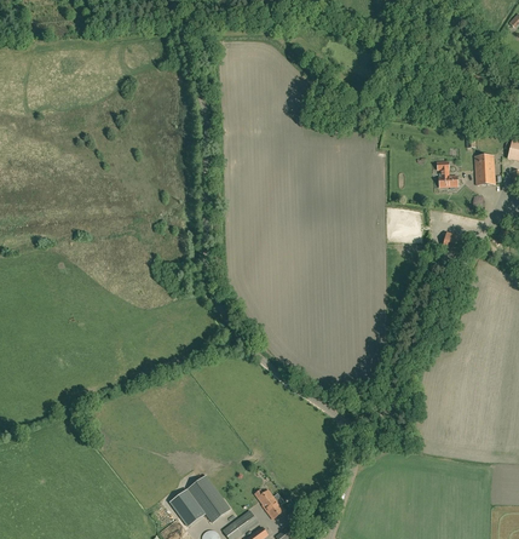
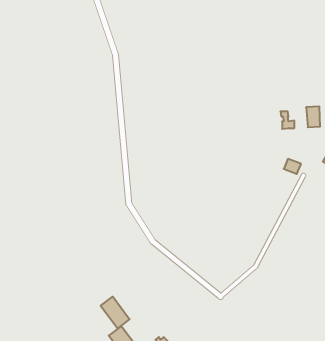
building: none -> [101,297,130,328]

